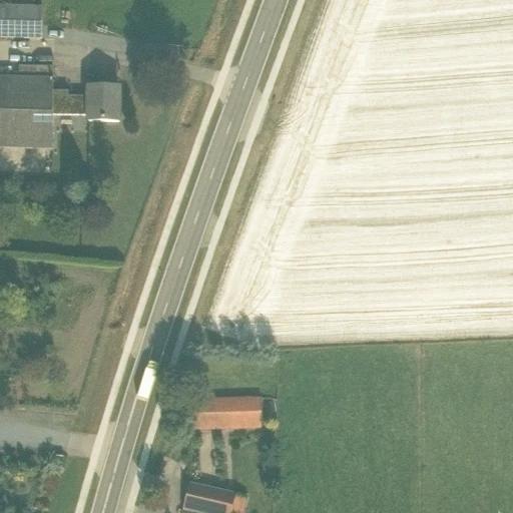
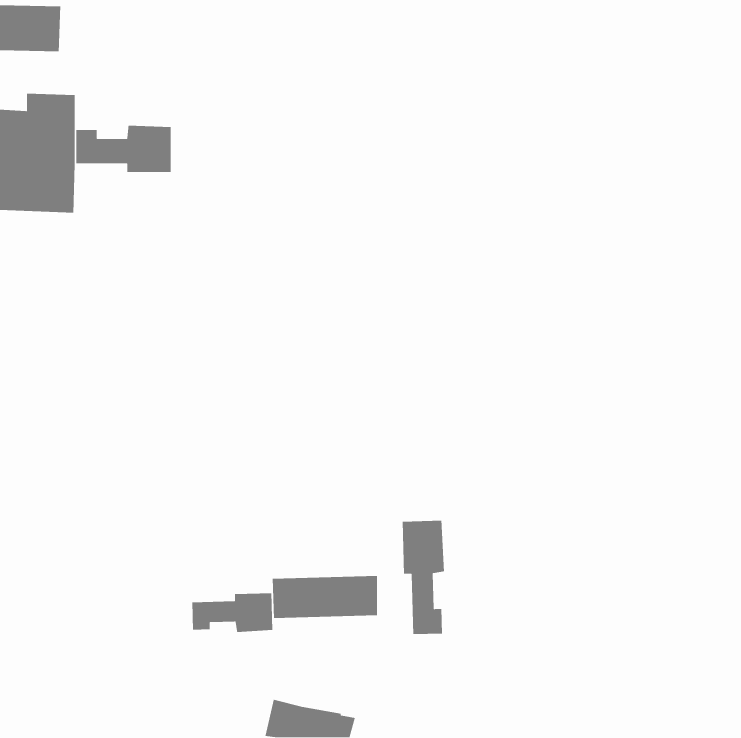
building: none -> [402,520,445,635]
building: none -> [191,592,273,633]

